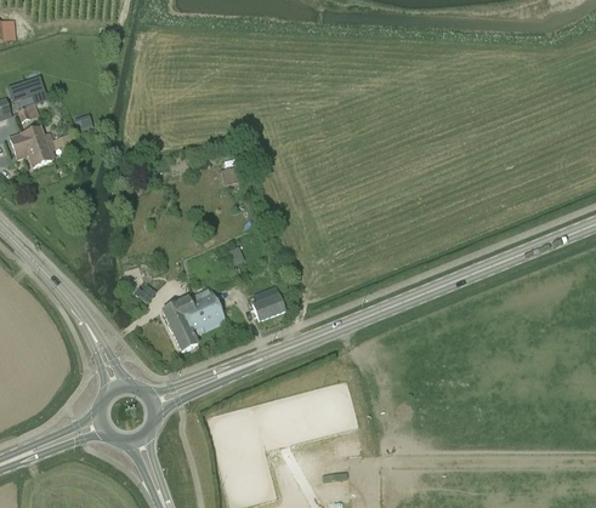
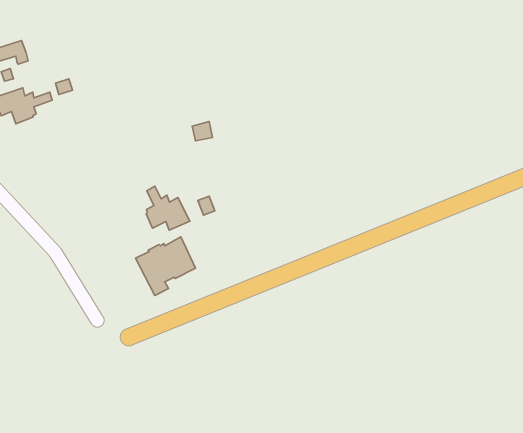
building: none -> [146,186,190,230]
building: [251,291,285,321] -> none

